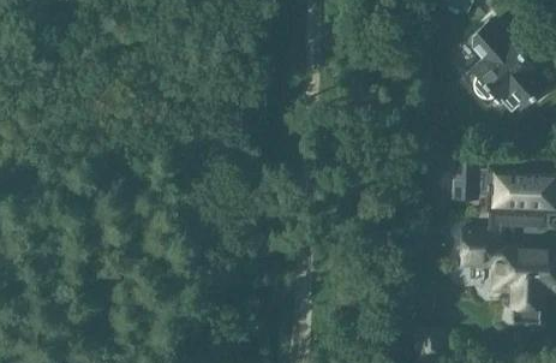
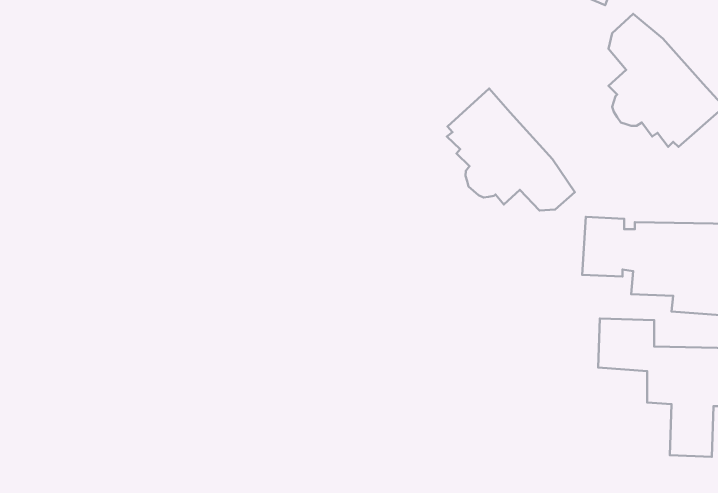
building: none -> [447,89,575,210]

